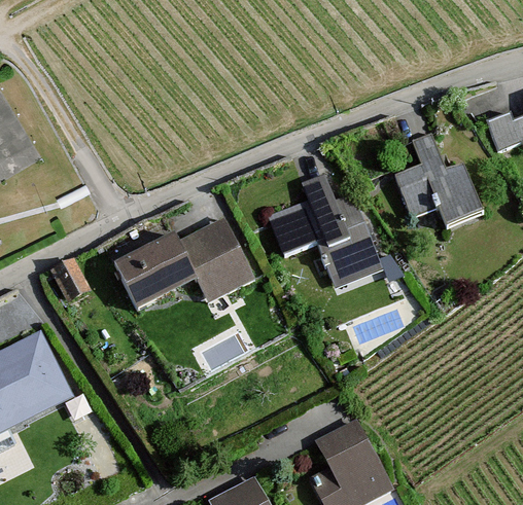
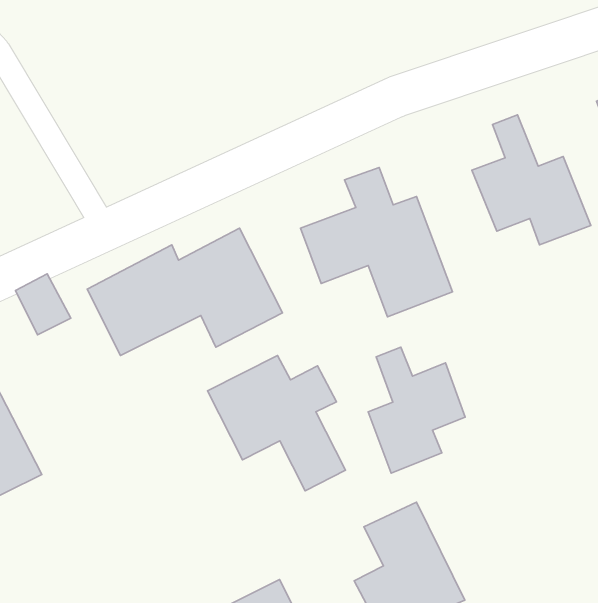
building: none -> [368,347,465,473]
building: none -> [208,355,346,491]

